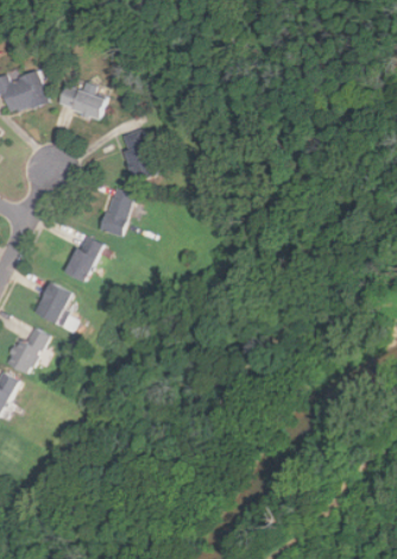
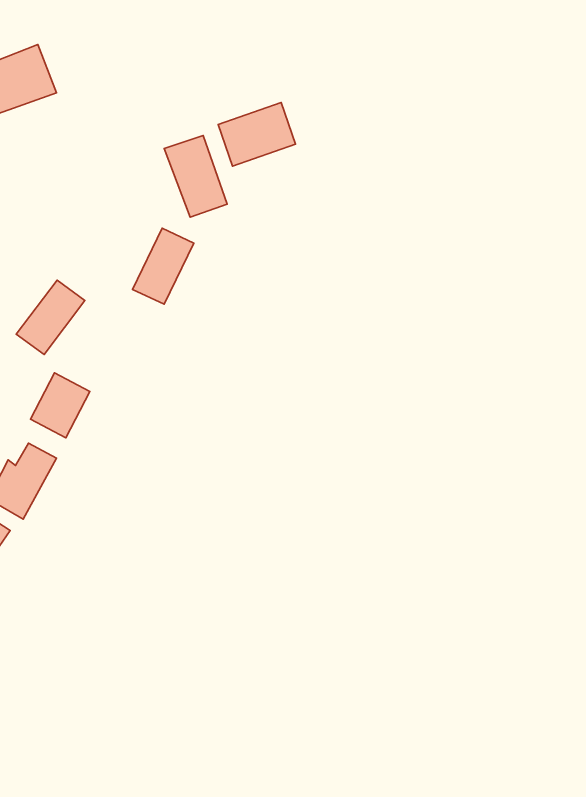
building: [58,84,107,119] -> none
building: none -> [218,103,295,166]
building: [62,234,106,282] -> [16,280,85,354]

